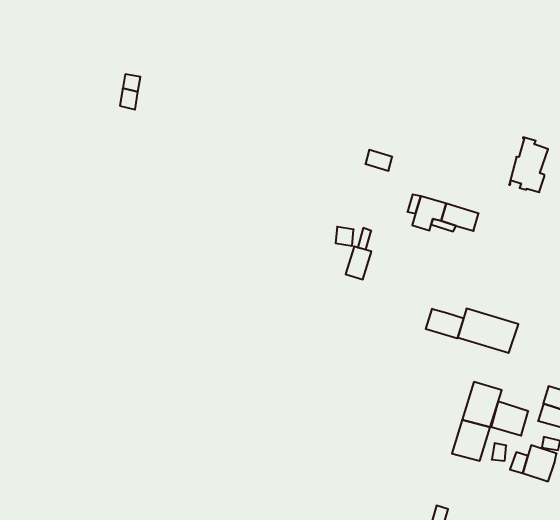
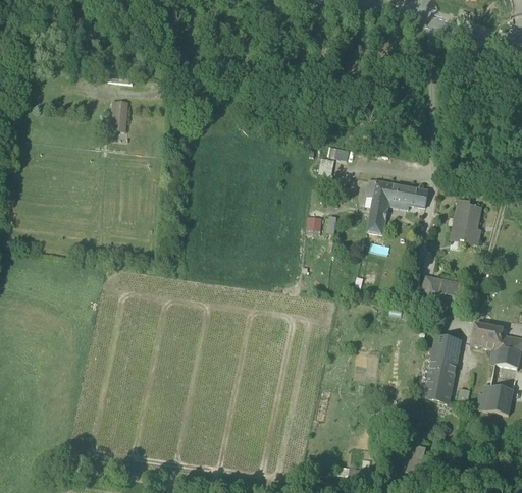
building: [509,137,548,192] -> [451,198,481,243]
building: [346,246,371,279] -> [366,206,386,233]
building: [426,309,464,338] -> none
building: [491,401,528,436] -> [471,322,502,349]

